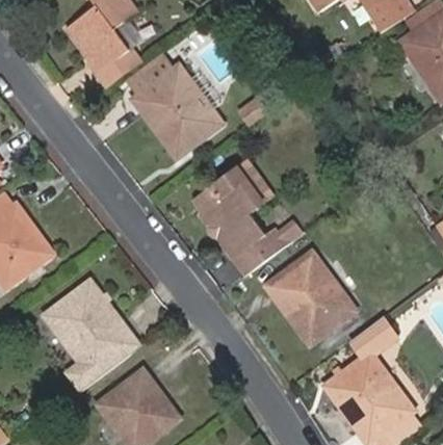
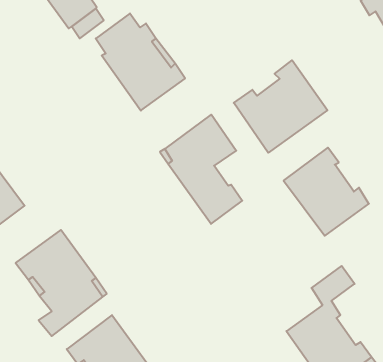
building: none -> [234,60,327,153]
building: [265,252,354,343] -> [284,148,369,236]

